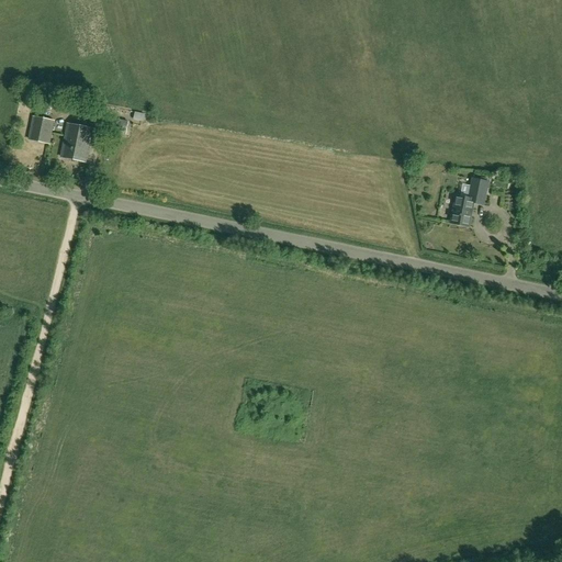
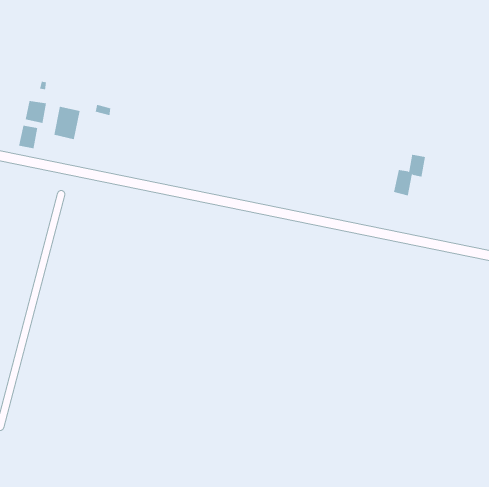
building: none -> [18,125,38,149]

